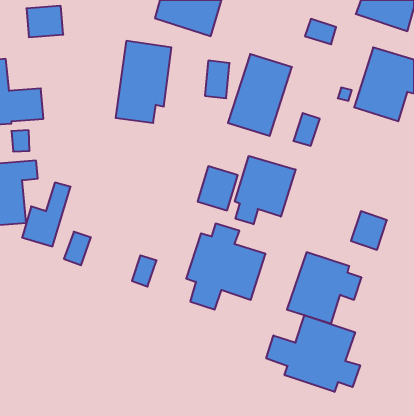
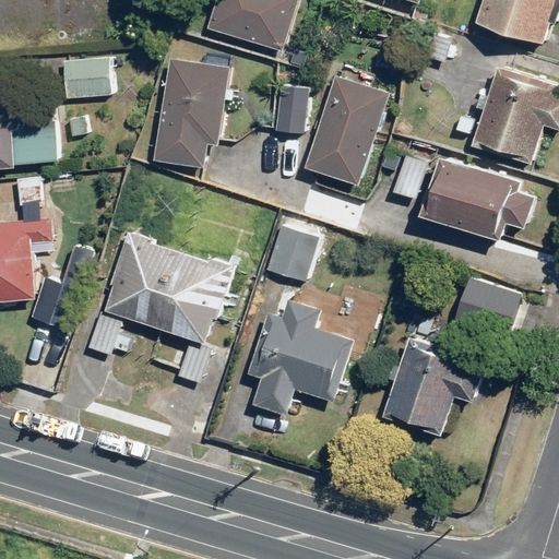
building: [26,6,63,37] -> [61,57,110,98]
building: none -> [421,156,535,241]
building: [235,156,296,224] -> none
building: none -> [105,231,235,344]
building: [266,315,360,392] -> none

